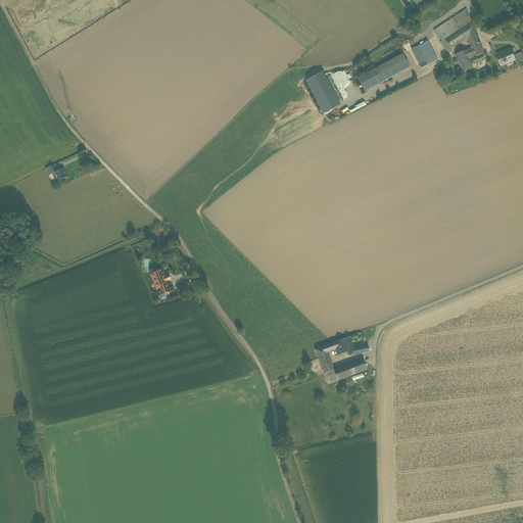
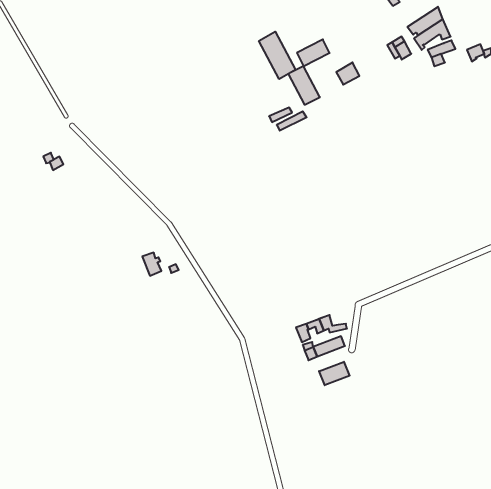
building: none -> [259,32,296,79]
building: [375,52,410,81] -> [297,39,330,66]
building: none -> [319,362,350,385]

